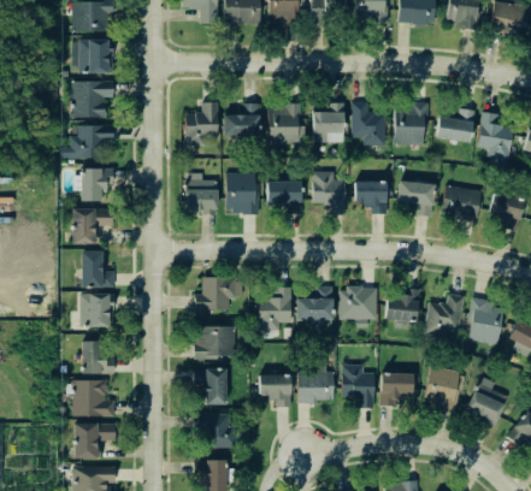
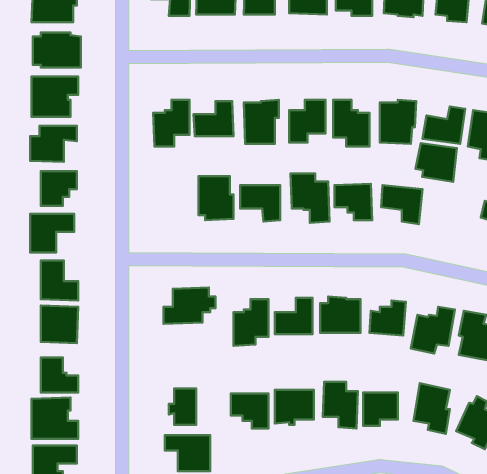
building: [184,173,217,214] -> none
building: [442,185,480,221] -> [416,143,457,182]
building: [193,326,237,360] -> none

